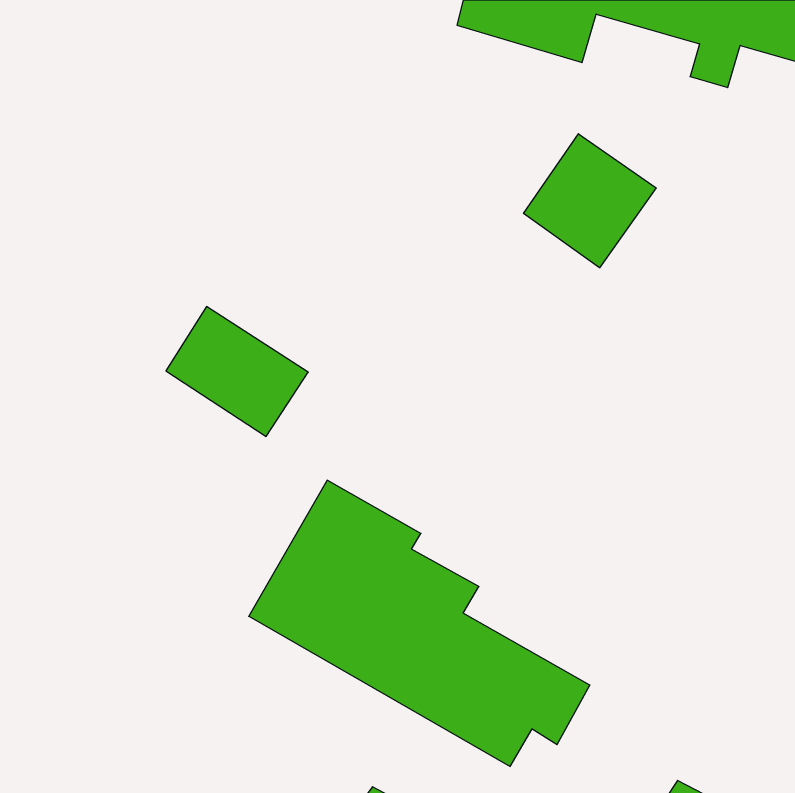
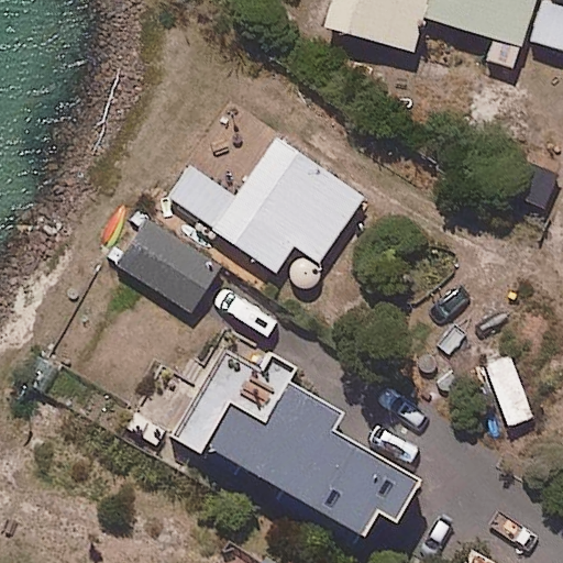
building: [524,134,656,268] -> none
building: none -> [172,106,363,269]

